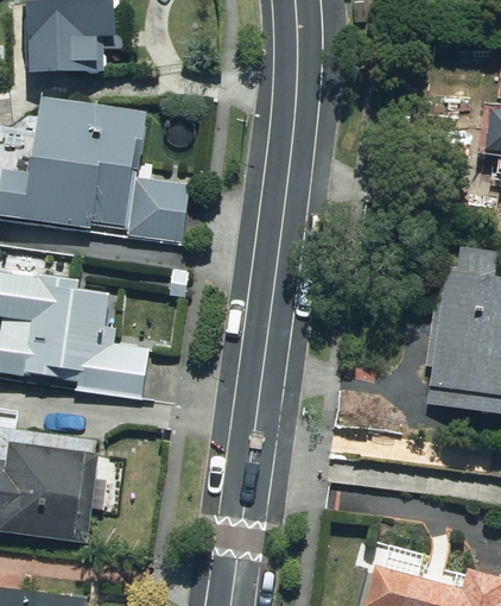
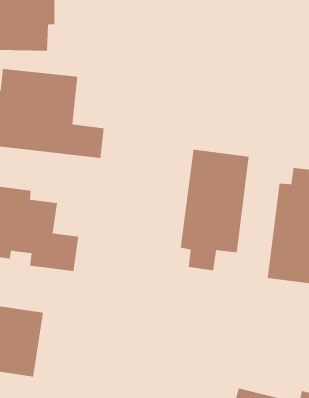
building: none -> [180,149,249,271]

